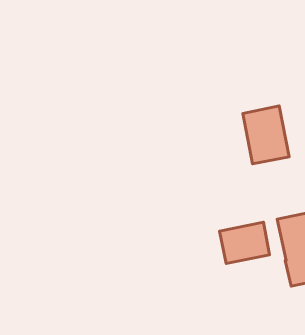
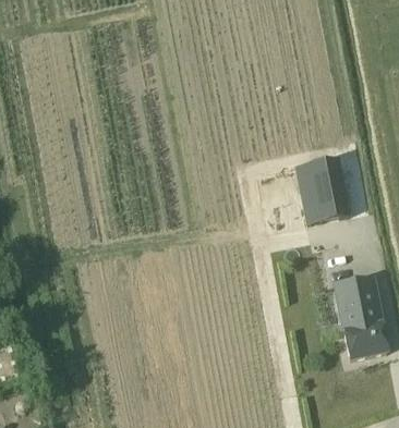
building: [219,222,270,264] -> none

